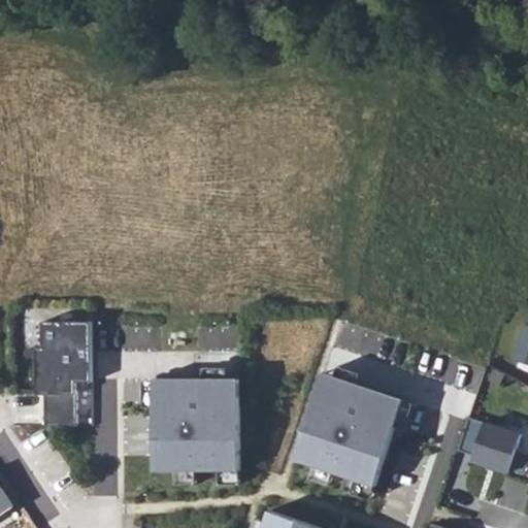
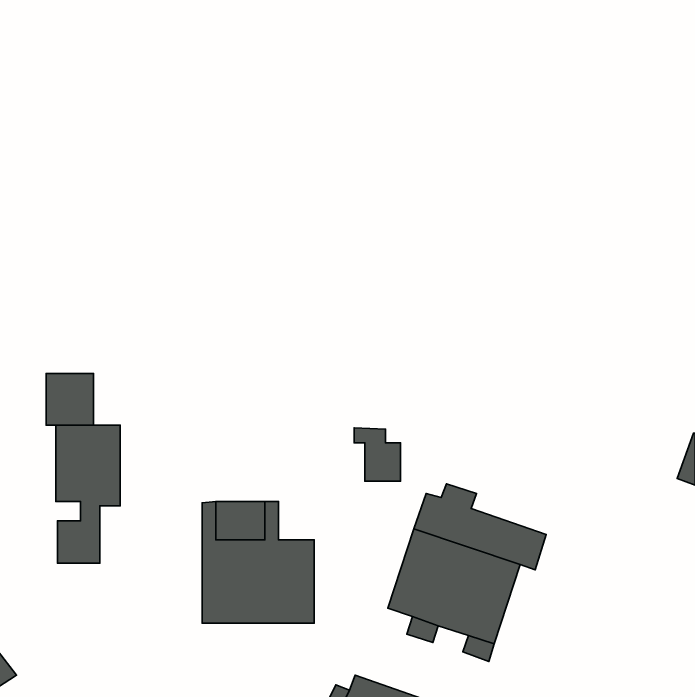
building: none -> [46,374,93,425]
building: [202,368,237,408] -> [354,428,400,481]
building: [456,418,516,472] -> none

